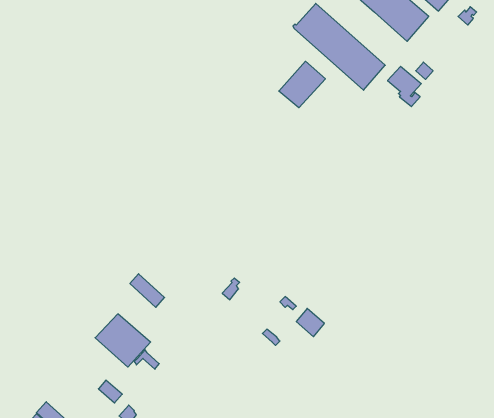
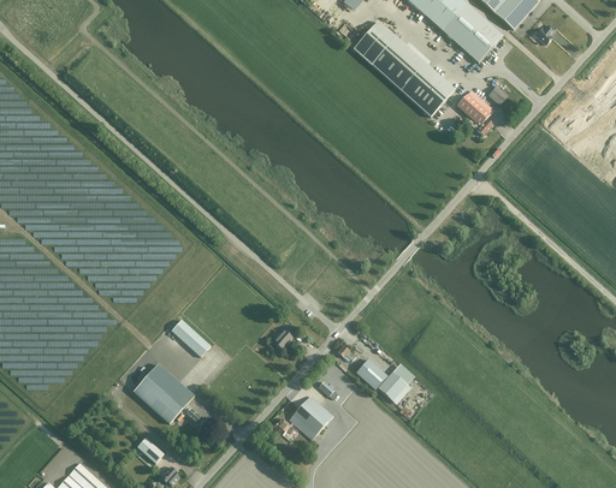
building: [279,61,325,108] -> none
building: none -> [377,370,409,403]
building: none -> [273,394,332,438]

